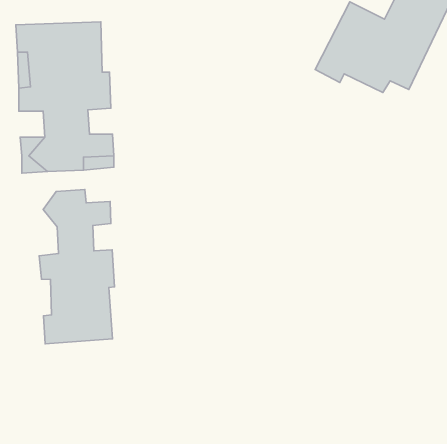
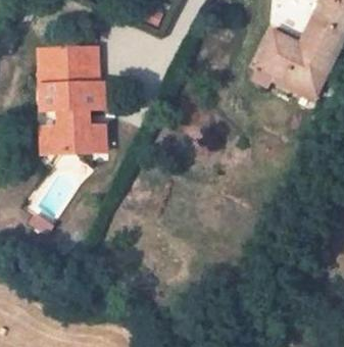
building: [39,190,114,344] -> none

